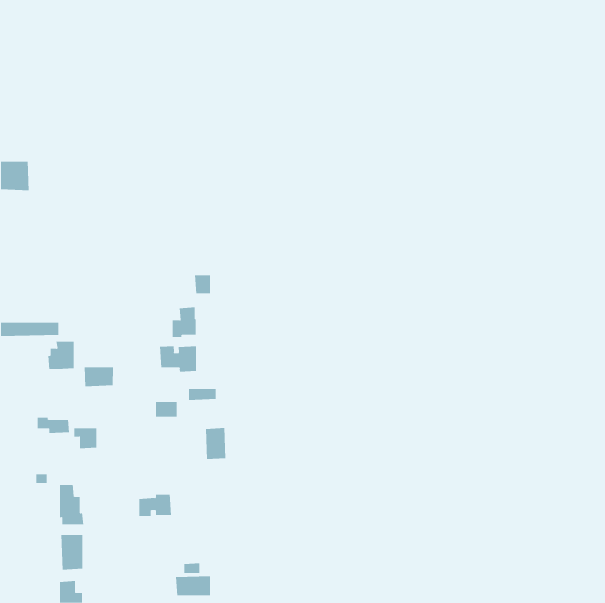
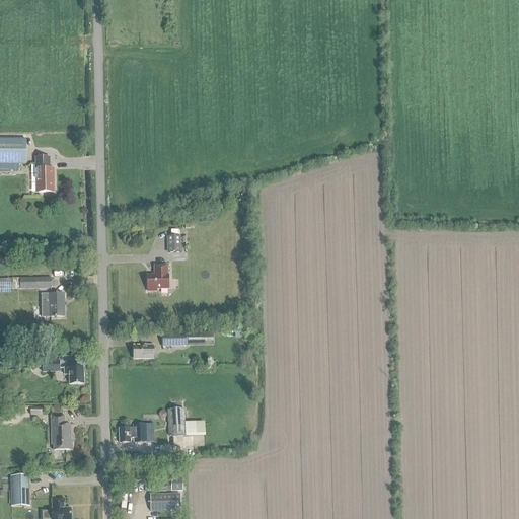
building: none -> [35,162,53,192]
building: [160,345,197,373] -> none
building: [84,366,114,387] -> none
building: [205,428,226,460] -> [167,407,186,435]
building: [61,534,83,570] -> [10,475,29,506]

